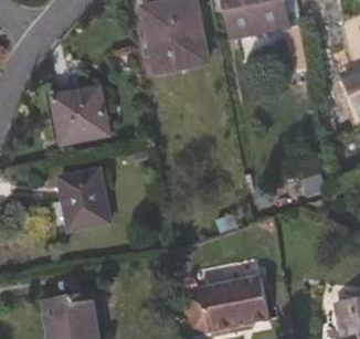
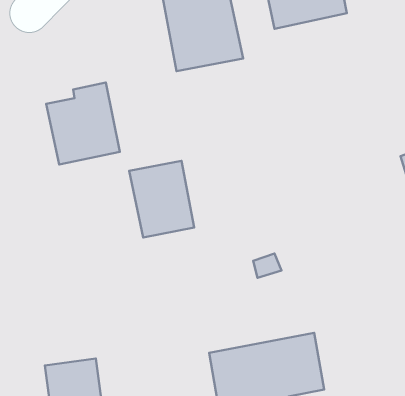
building: [59,169,109,229] -> [129,161,194,237]

